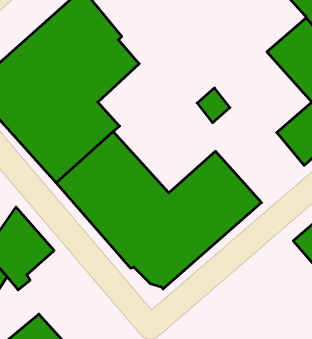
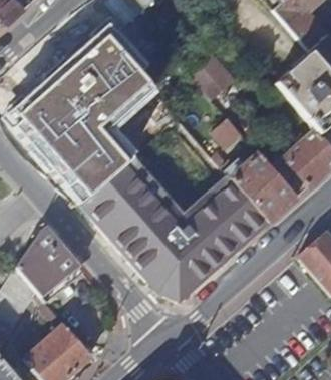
building: none -> [190,53,236,99]
building: none -> [224,152,299,222]

